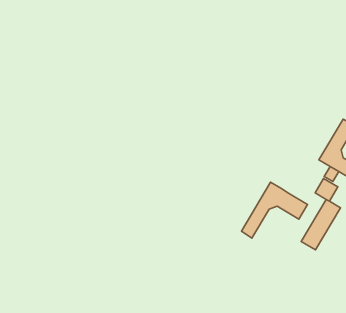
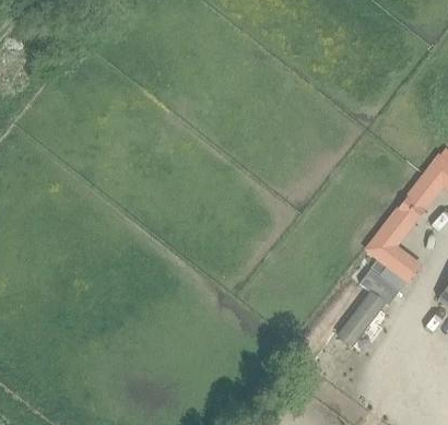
building: [241,182,307,238] -> none

